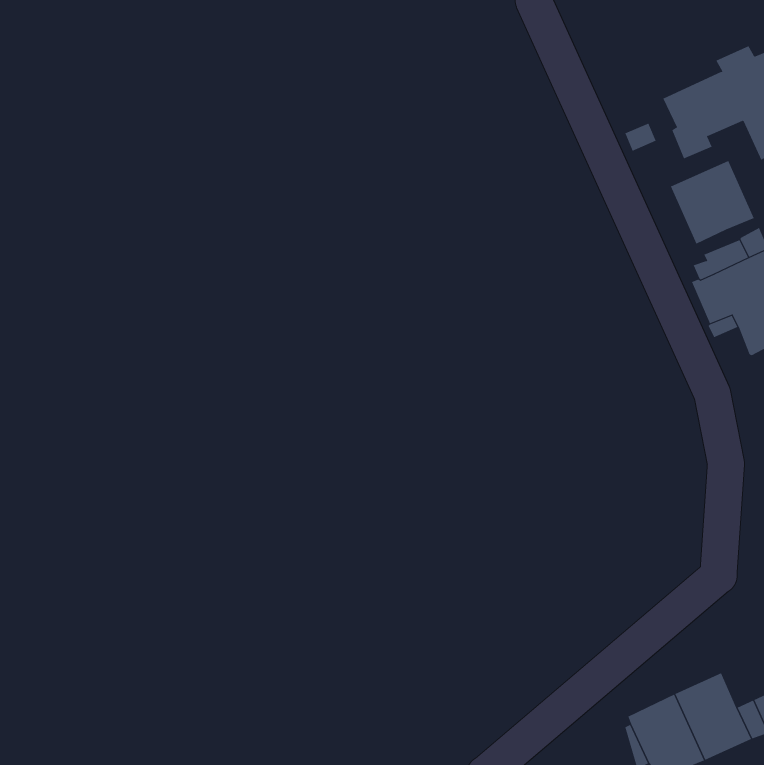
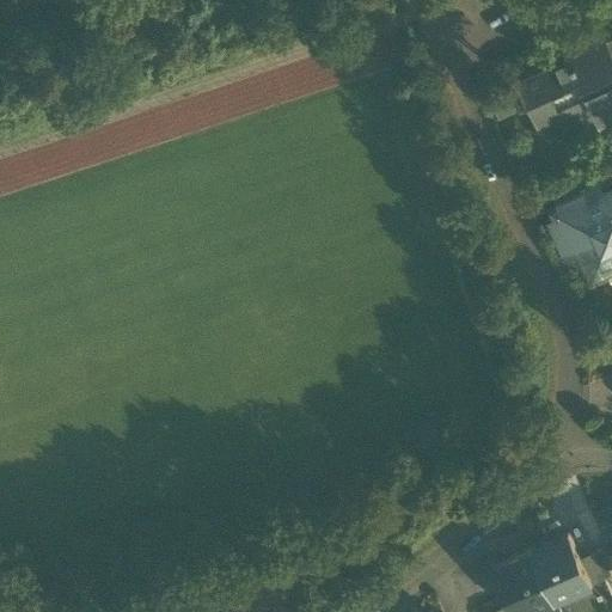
building: [670,160,755,244] -> none

